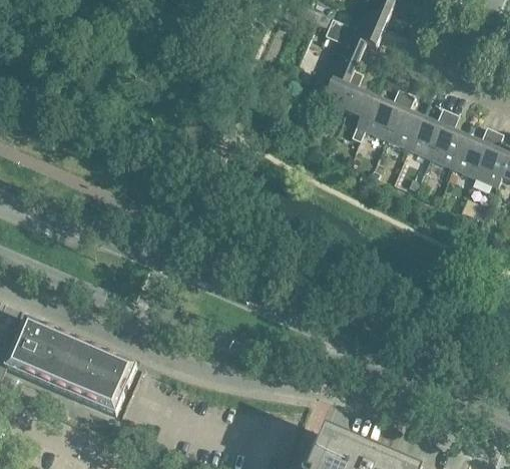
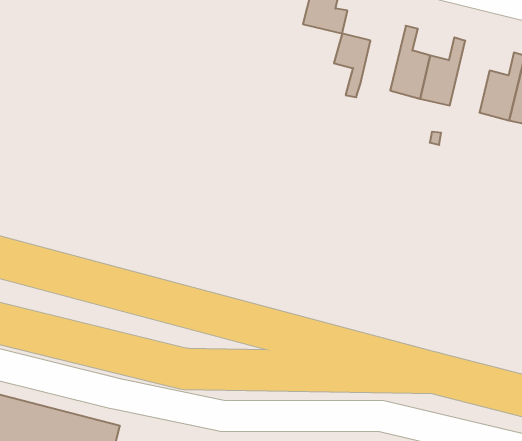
building: [322,78,357,112] -> none
building: [365,88,407,140] -> none
building: [431,111,466,168] -> none

